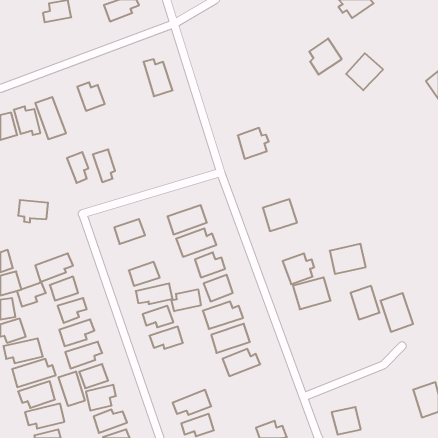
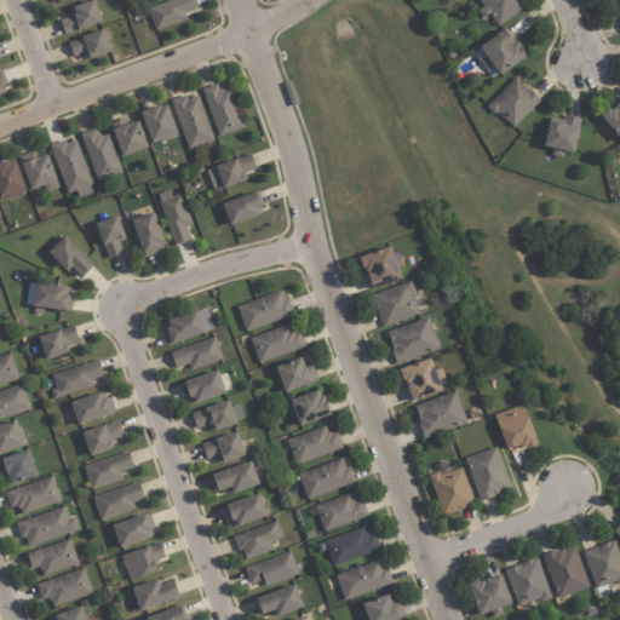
building: none -> [68,28,111,58]
building: [309,38,342,75] -> [480,27,526,78]
building: none -> [173,92,214,148]
building: none -> [142,102,178,142]
building: none -> [544,114,581,156]
building: none -> [81,127,122,180]
building: none -> [207,154,256,190]
building: [238,128,269,159] -> [361,245,404,288]
building: none -> [157,189,193,245]
building: none -> [223,193,262,223]
building: none -> [48,235,94,276]
building: none -> [171,335,223,369]
building: [330,244,366,274] -> [388,318,438,361]
building: [17,283,46,307] -> [39,325,80,358]
building: [172,289,201,311] -> none
building: [380,293,413,332] -> [465,446,511,500]
building: none -> [430,460,475,515]
building: none -> [224,493,268,527]
building: none -> [235,519,283,559]
building: [59,371,85,406] -> none
building: none -> [325,528,380,563]
building: none -> [542,544,590,598]
building: none -> [335,557,391,599]
building: none -> [505,557,551,607]

